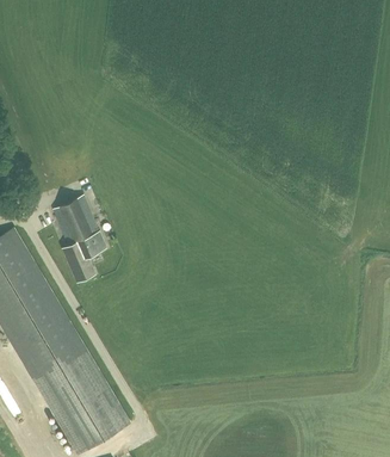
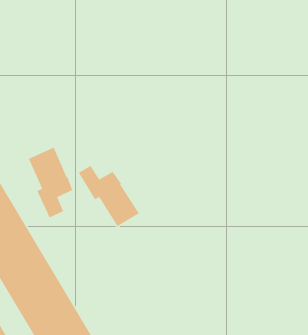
building: none -> [78,165,140,227]

